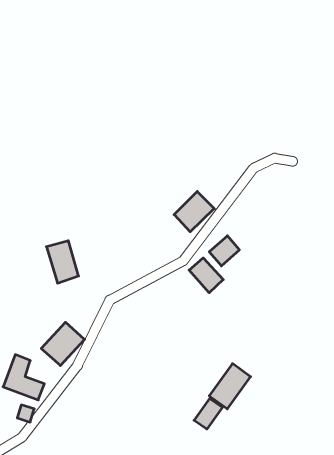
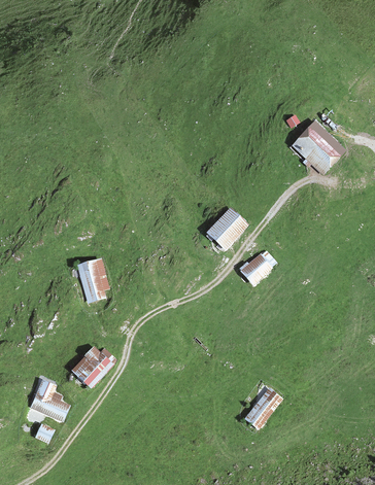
building: none -> [295,122,348,174]
building: [189,258,223,293] -> none
building: [194,398,222,429] -> none

